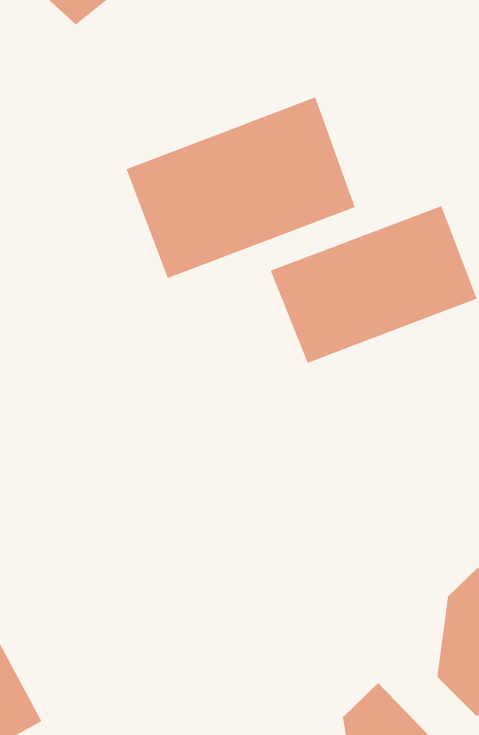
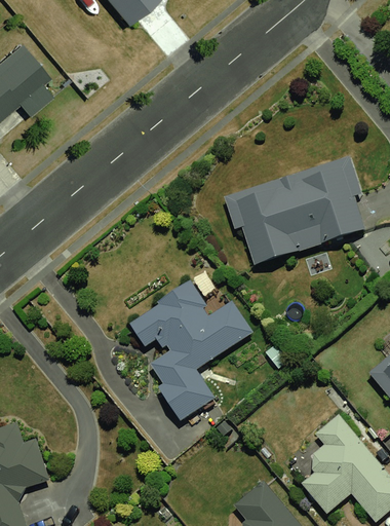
building: [126,96,356,279] -> none
building: none -> [128,285,250,417]

